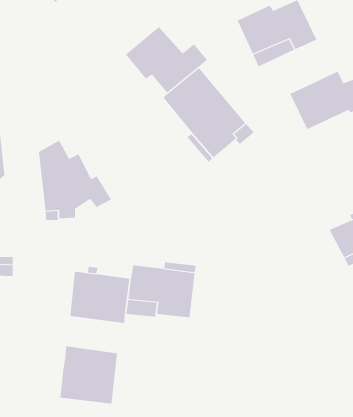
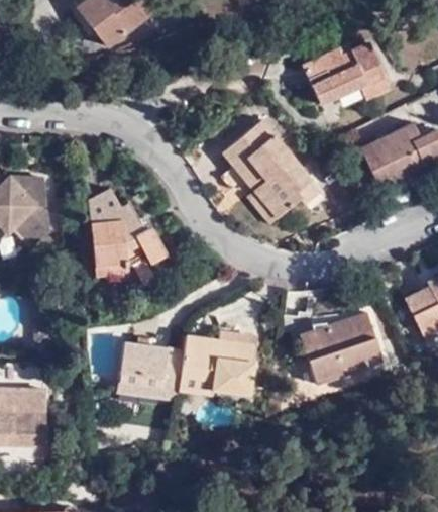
building: [125,26,208,93] -> none
building: none -> [302,311,387,383]
building: [60,346,118,405] -> none

